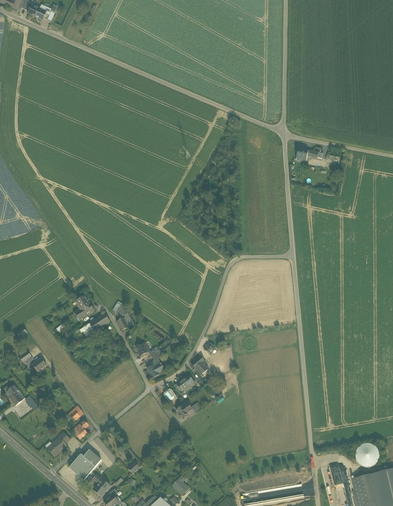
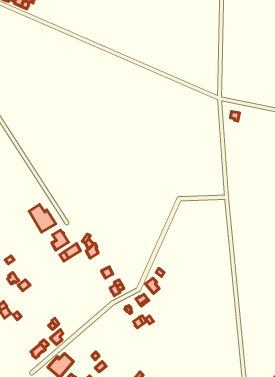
building: none -> [29,204,56,232]

